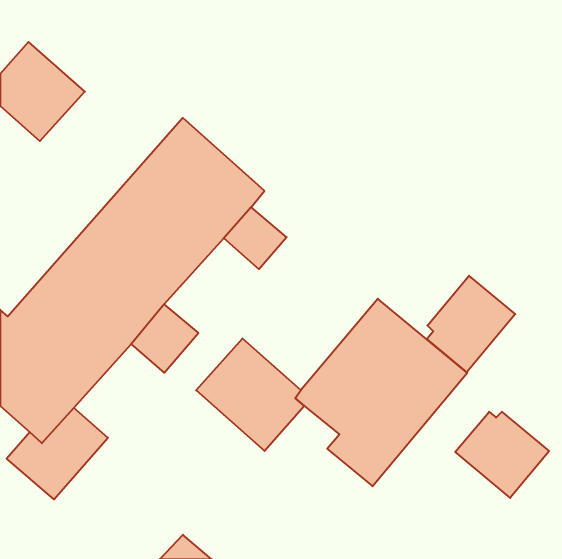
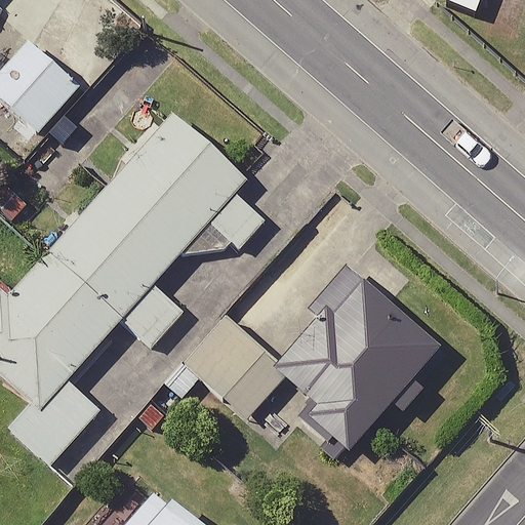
building: [427,276,515,372] -> none
building: [455,412,549,498] -> none

